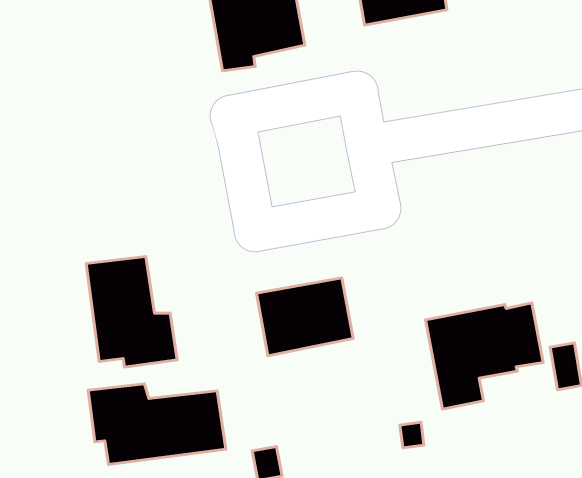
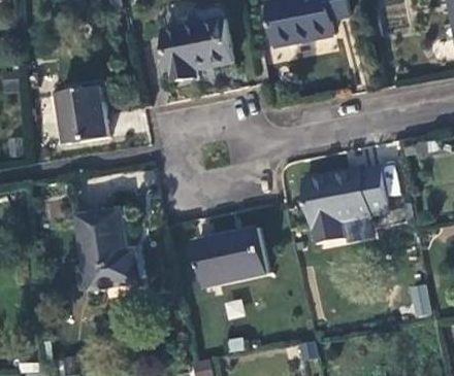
building: none -> [58,82,108,140]
building: [425,303,543,409] -> [303,168,389,245]
building: [88,384,226,465] -> none

